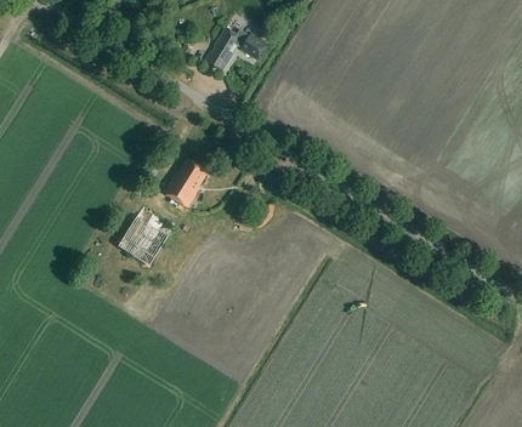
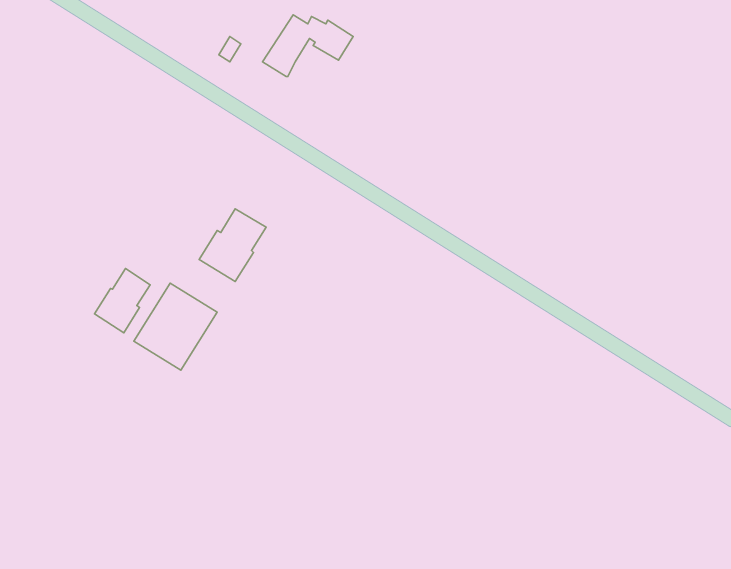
building: none -> [95,268,150,333]

